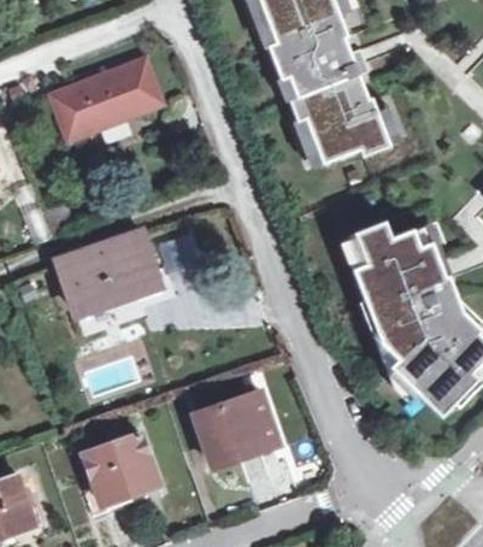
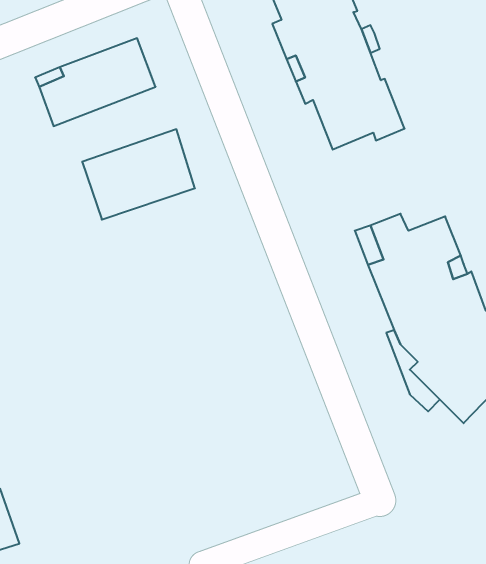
building: [57,230,160,313] -> [82,129,195,220]
building: [194,390,278,467] -> none
building: [81,431,158,516] -> none

